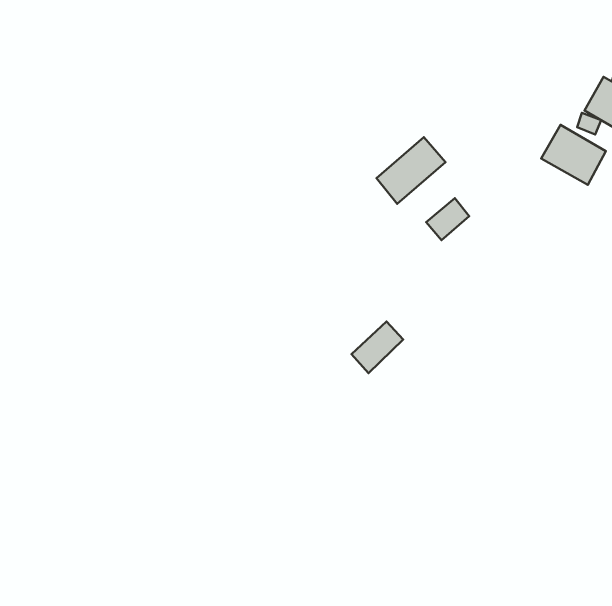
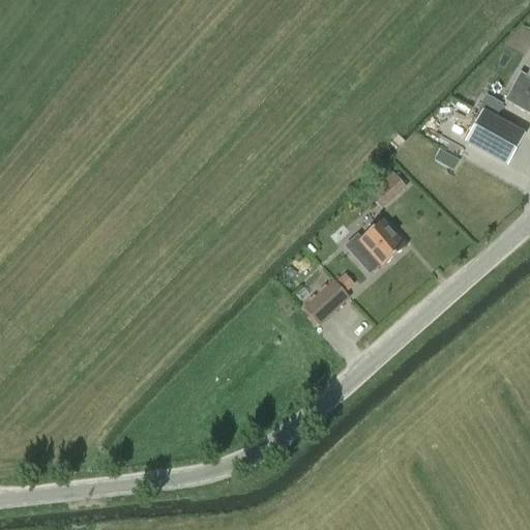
building: [377,137,446,204] -> none
building: none -> [346,216,406,269]

